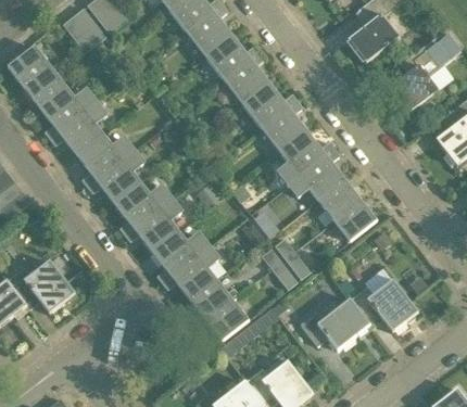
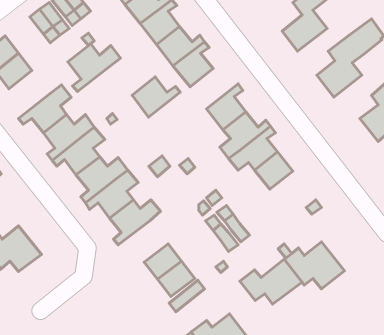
building: [242,81,296,127] -> [132,77,180,117]
building: [37,84,97,138] -> [68,44,121,92]
building: [332,198,375,240] -> none
building: [161,243,220,301] -> none

